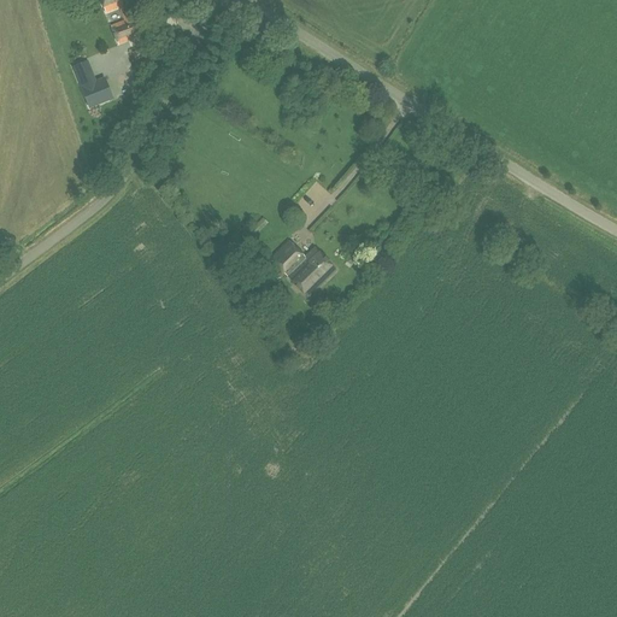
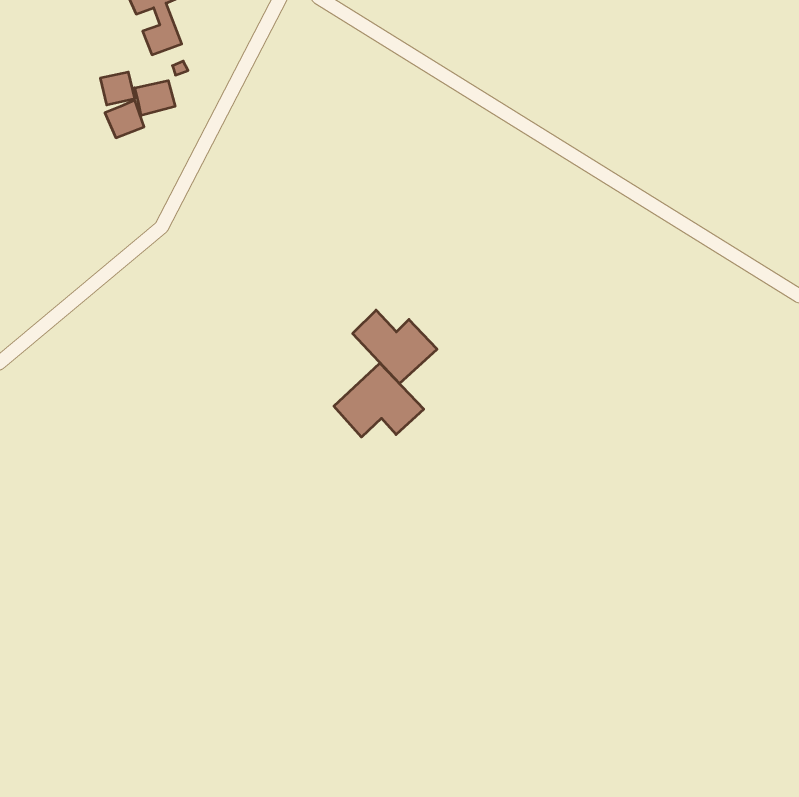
building: none -> [135,81,175,116]
building: none -> [334,363,424,437]

